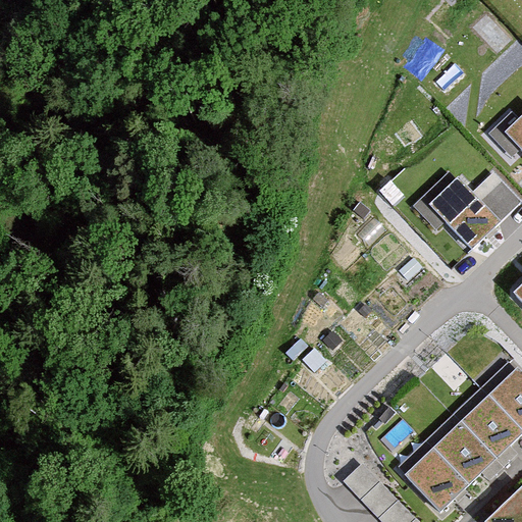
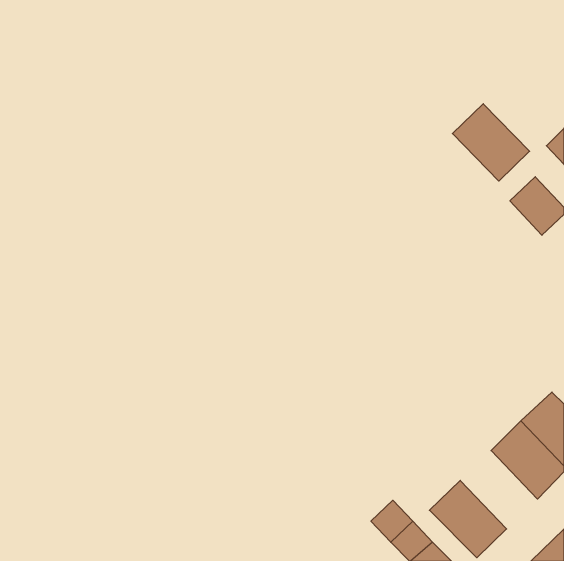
building: [429,179,501,251] -> [452,104,530,181]
building: [425,416,497,488] -> none

